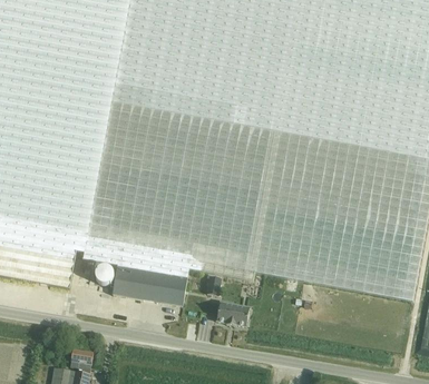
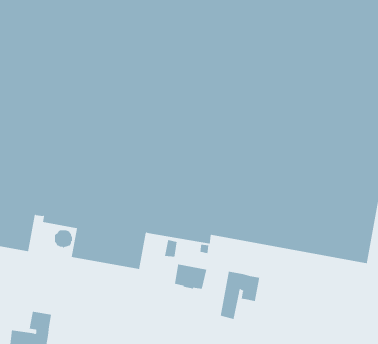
building: none -> [220,271,260,320]

